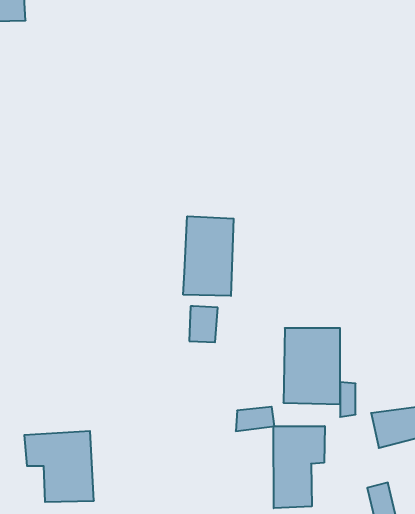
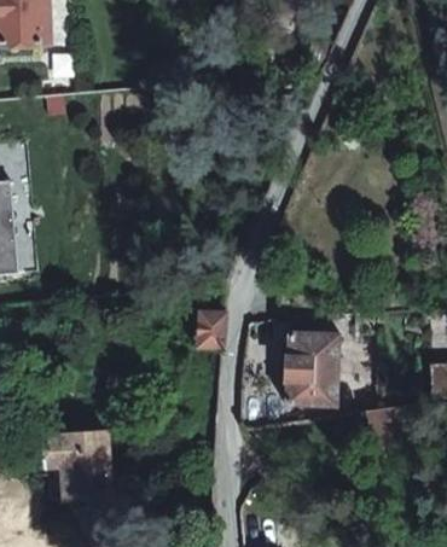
building: [183,216,234,296] -> none
building: [274,426,325,508] -> none

